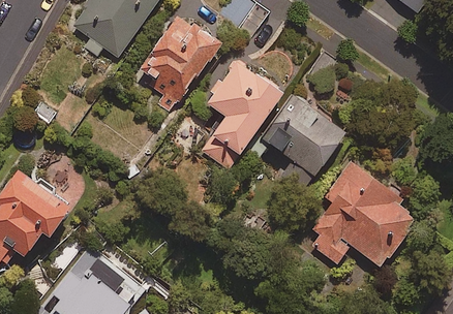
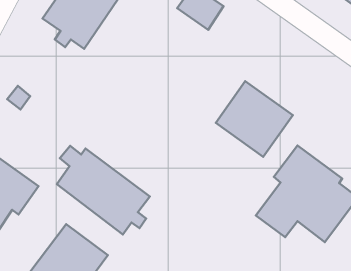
building: [134,14,219,105] -> none
building: [202,61,280,169] -> none
building: none -> [57,146,150,234]

